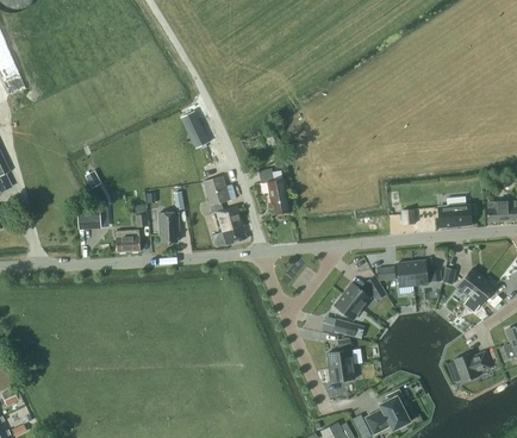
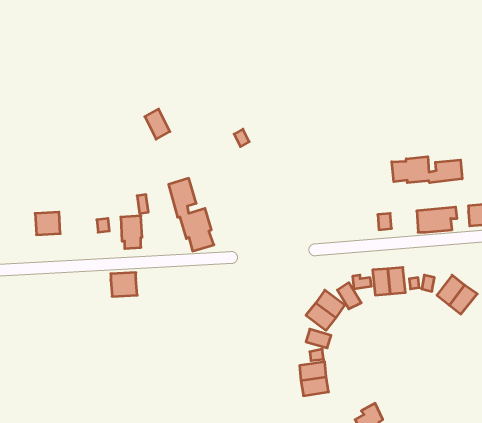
building: none -> [392,157,462,183]
building: [258,169,289,214] -> none
building: [116,230,141,252] -> [111,273,137,296]
building: [454,352,491,382] -> none

